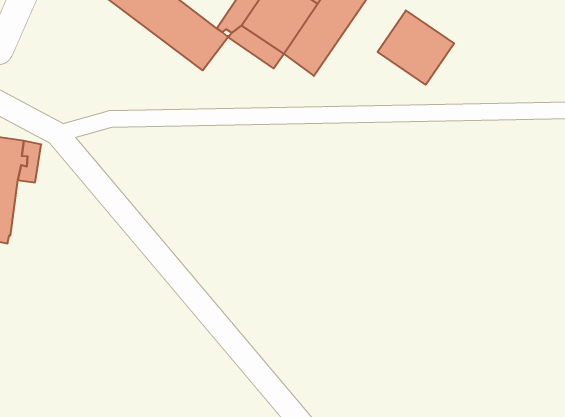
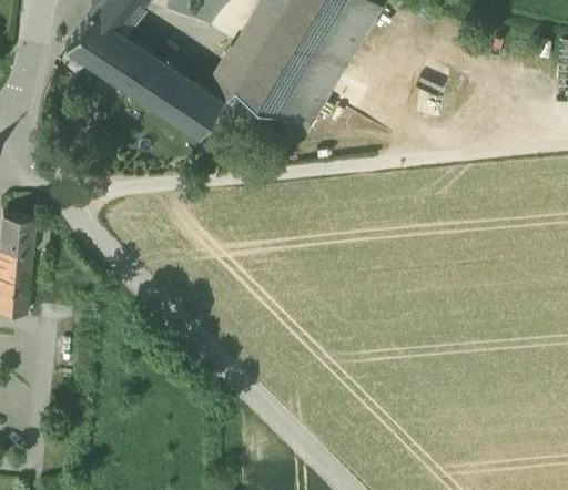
building: [378,10,454,85] -> none

